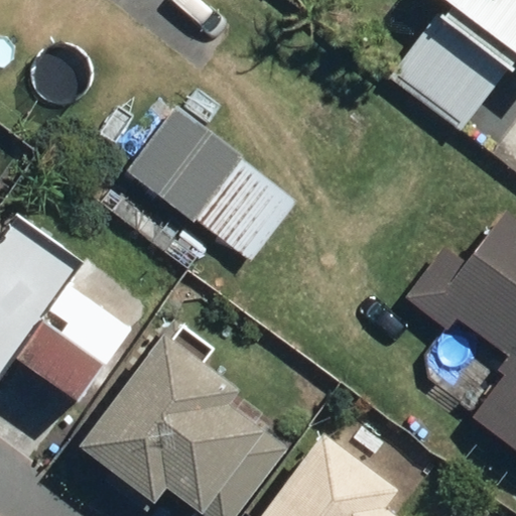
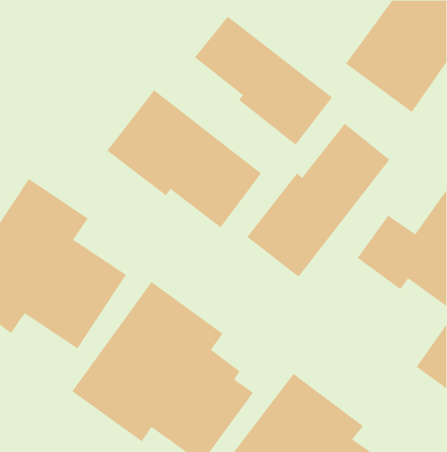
building: none -> [194,16,333,145]
building: none -> [246,123,390,277]

